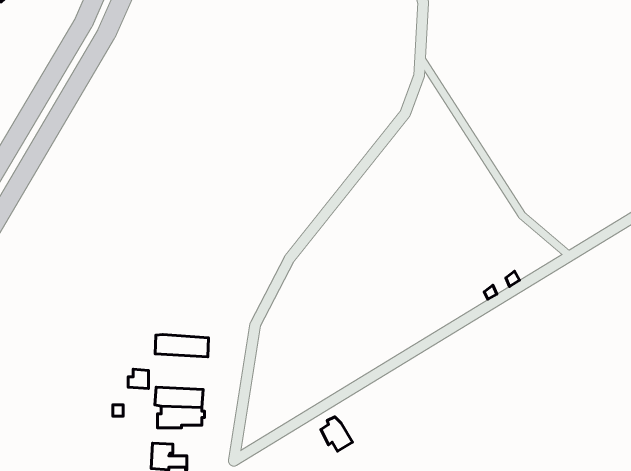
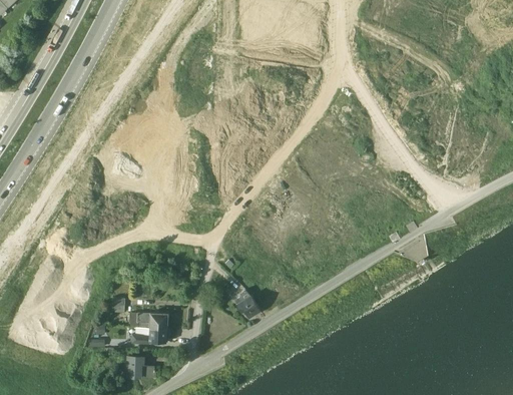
building: [155,335,208,357] -> none
building: [321,417,353,451] -> [234,289,260,316]

